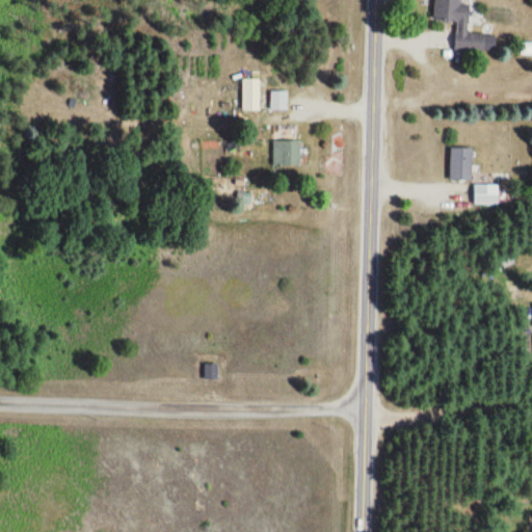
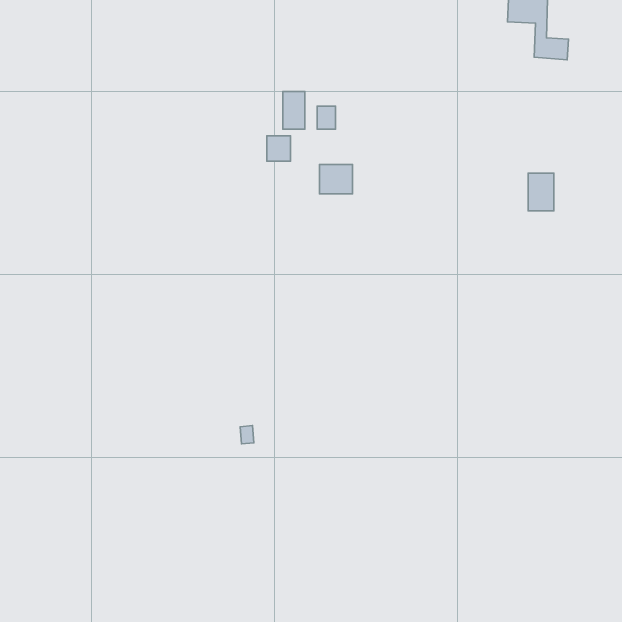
building: none -> [267,136,290,161]
building: [474,184,499,204] -> none

